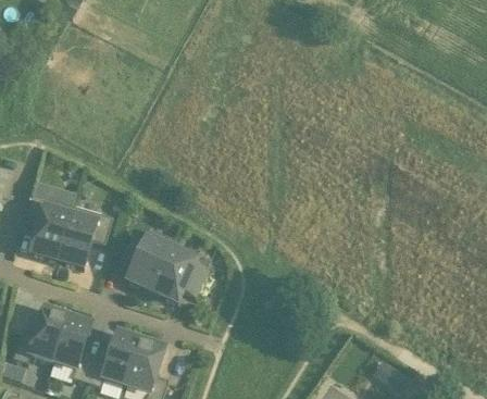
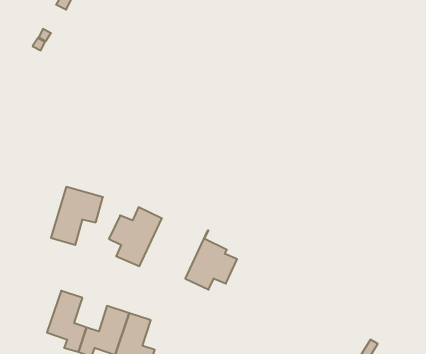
building: [25,192,73,259] -> none
building: [151,238,207,301] -> [185,231,237,290]
building: [12,308,67,362] -> none

